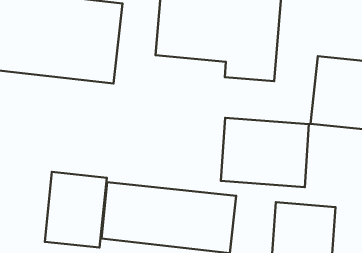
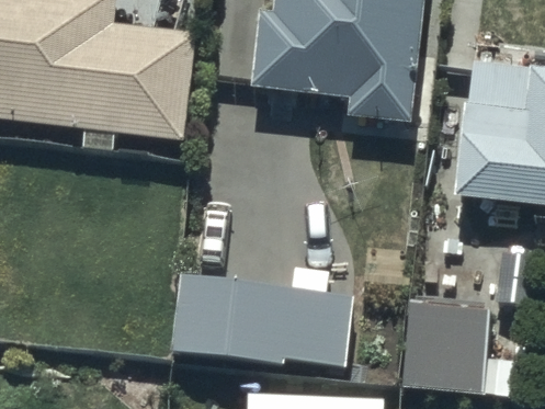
building: [221,118,309,187] -> none
building: [45,172,107,248] -> none

